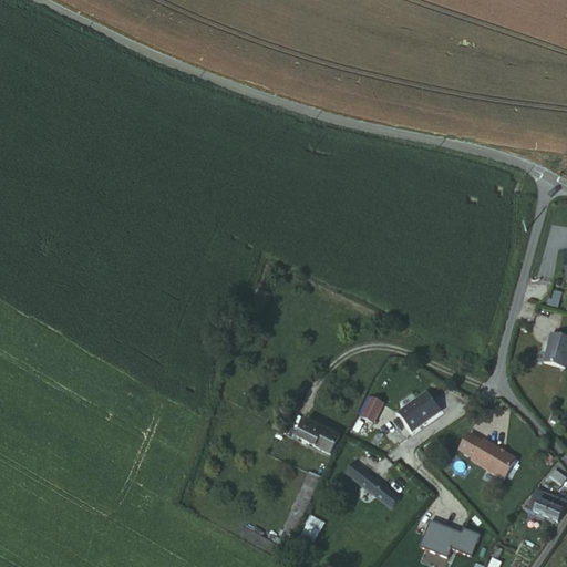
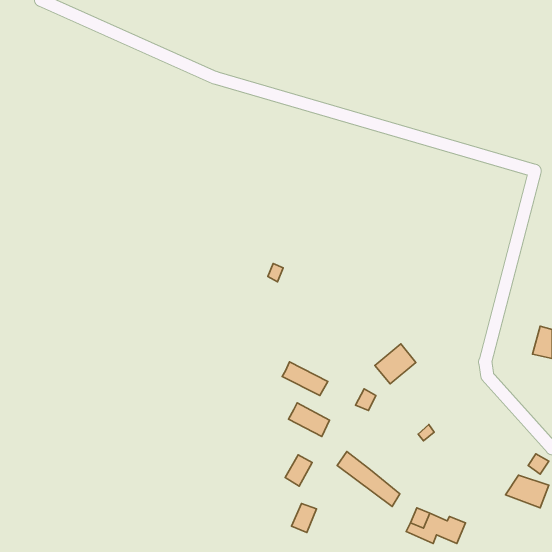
building: none -> [282,362,328,395]
building: [401,388,443,429] -> [375,344,416,384]
building: [462,432,516,477] -> none

